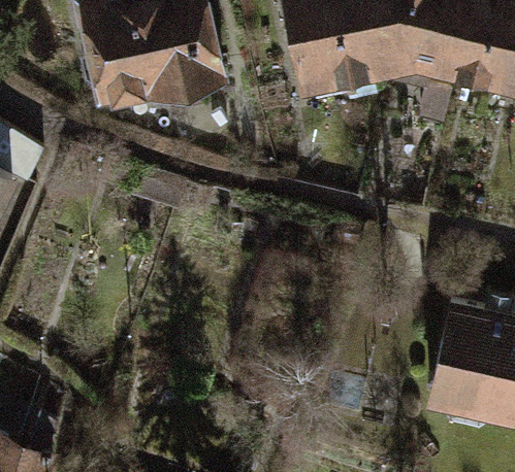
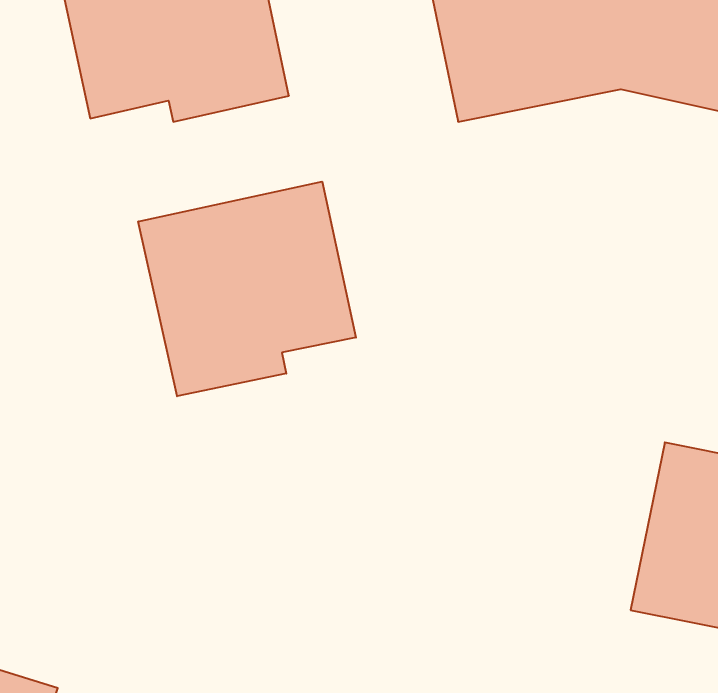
building: none -> [138,182,356,396]

